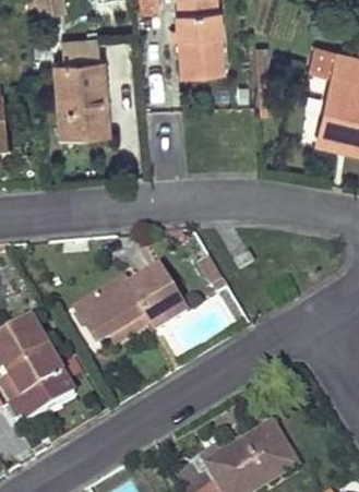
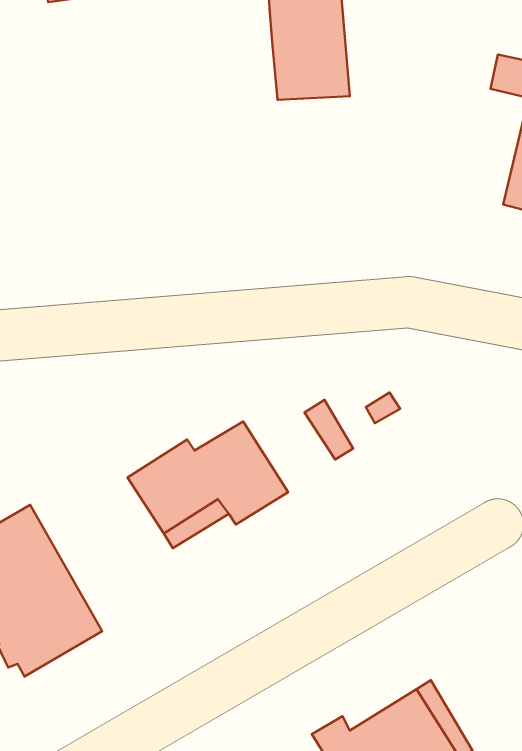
building: [53,36,107,131] -> none

